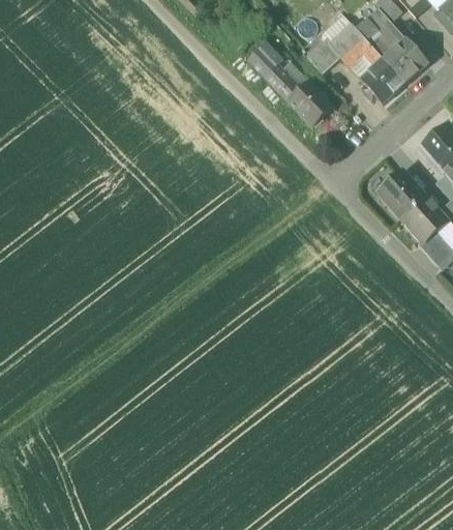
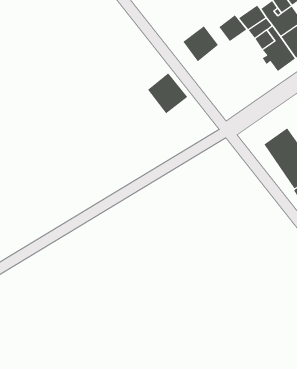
building: [247,41,285,79] -> none
building: [286,78,337,128] -> [147,73,188,114]

